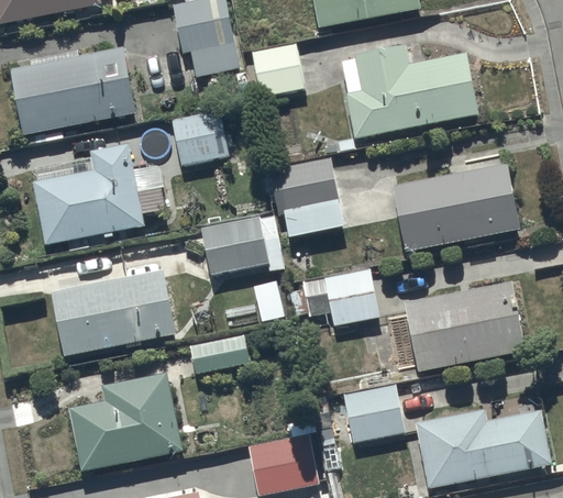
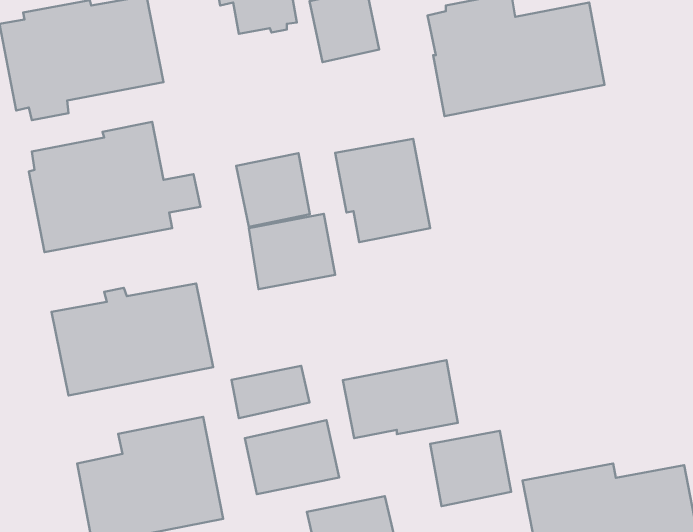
building: [170,108,228,165] -> [236,153,310,227]
building: [391,163,520,252] -> none
building: [290,267,379,328] -> [343,360,458,438]
building: [386,280,527,372] -> none
building: none -> [245,420,339,494]

